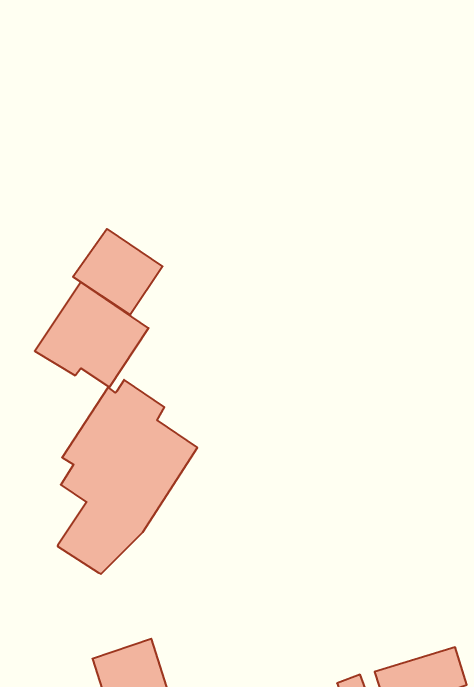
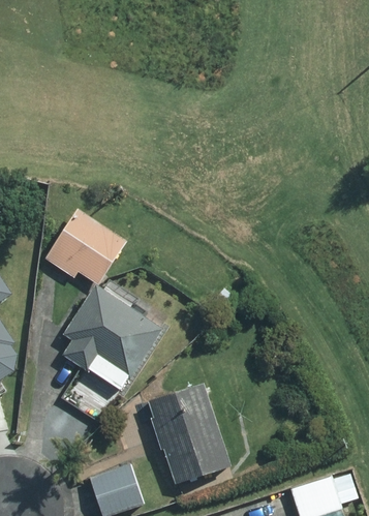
building: [73,229,163,315] -> none
building: none -> [149,385,230,485]

